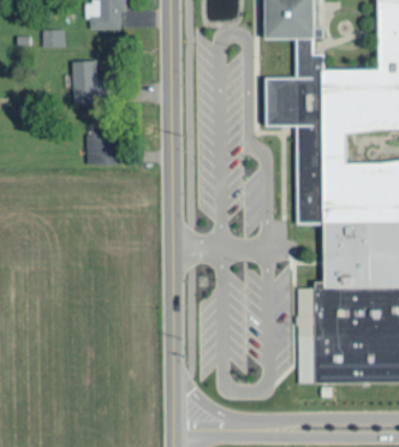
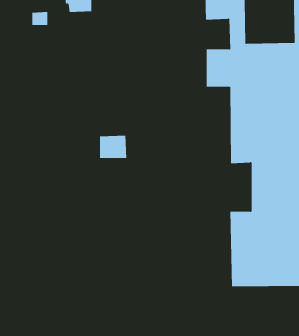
building: [71,60,100,103] -> none
building: [85,135,121,165] -> [99,135,127,159]

